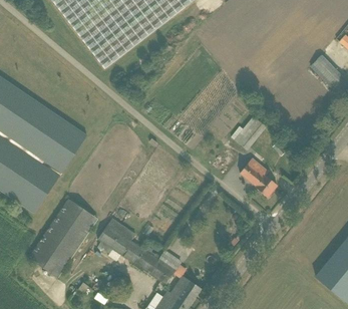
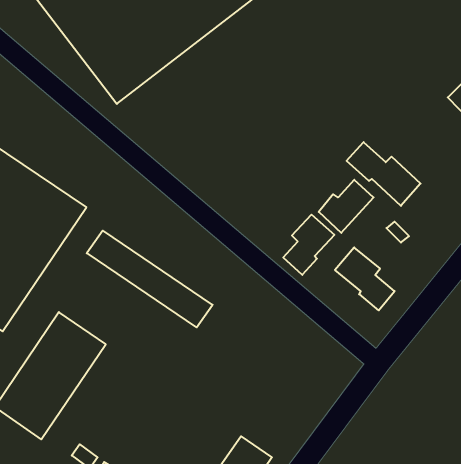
building: none -> [347,142,421,206]
building: none -> [283,215,334,275]
building: [97,224,176,284] -> [87,231,213,327]

